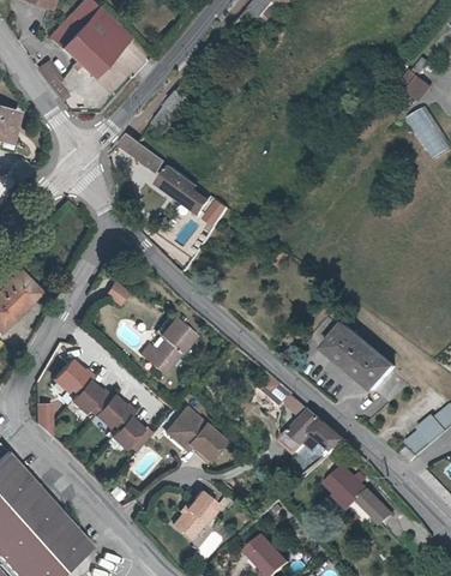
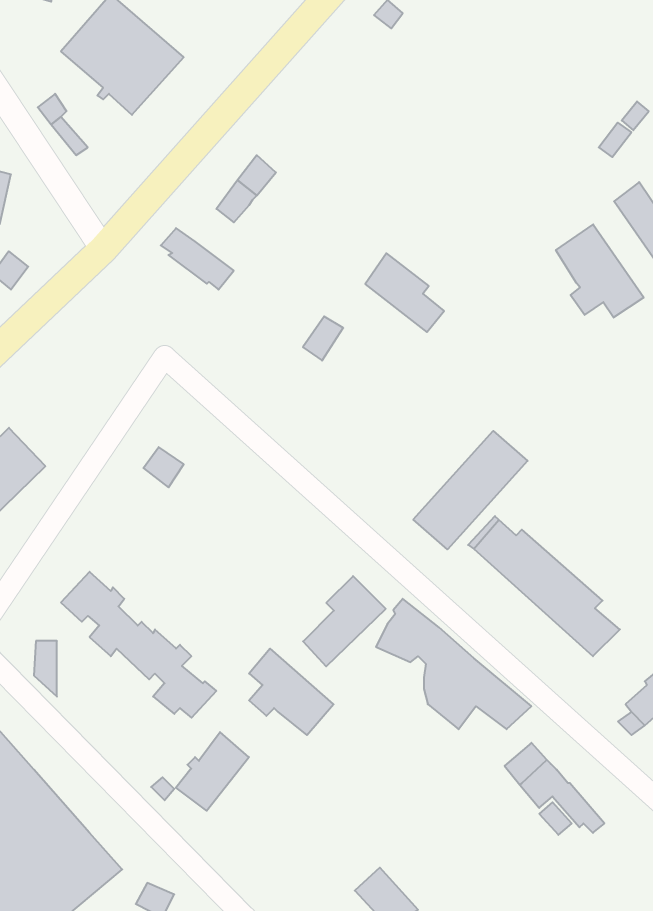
building: none -> [556,224,644,318]
building: [157,175,206,224] -> [365,253,444,332]
building: none -> [413,431,528,549]
building: [149,317,200,373] -> [303,576,386,666]
building: [178,488,223,538] -> [176,732,249,811]

